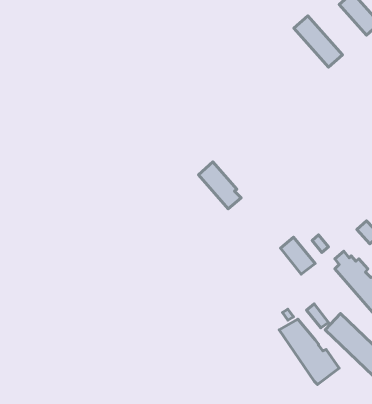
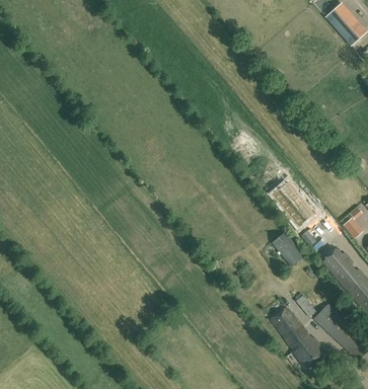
building: [294,16,343,67] -> none
building: [199,162,241,209] -> [271,184,310,228]

